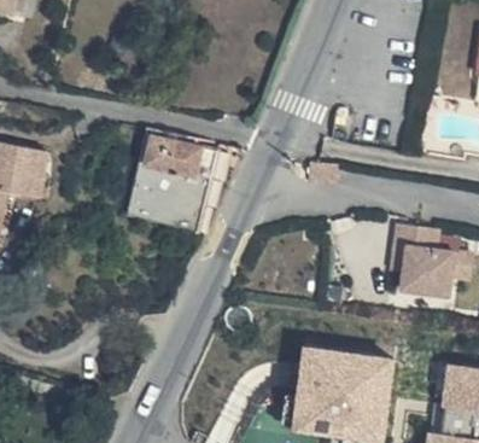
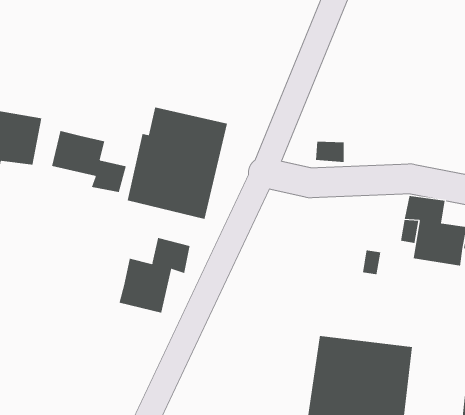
building: none -> [52,130,126,193]
building: none -> [119,237,190,313]

